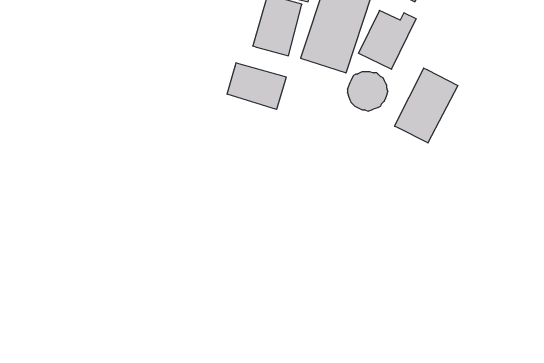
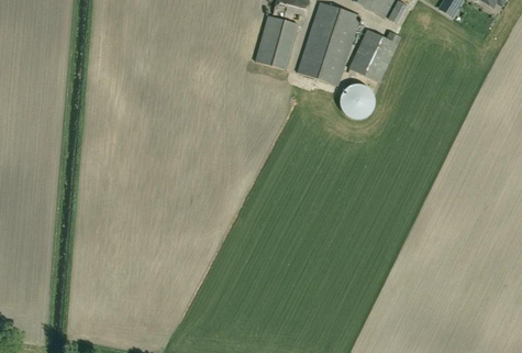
building: [227,63,286,109] -> none
building: [395,68,458,143] -> none

